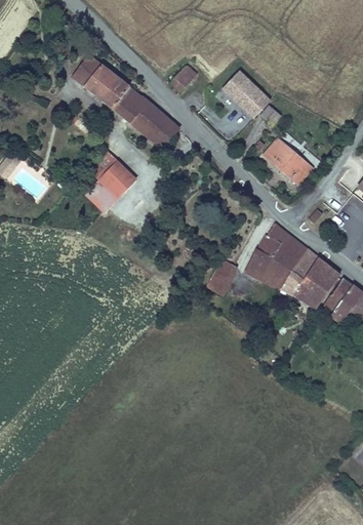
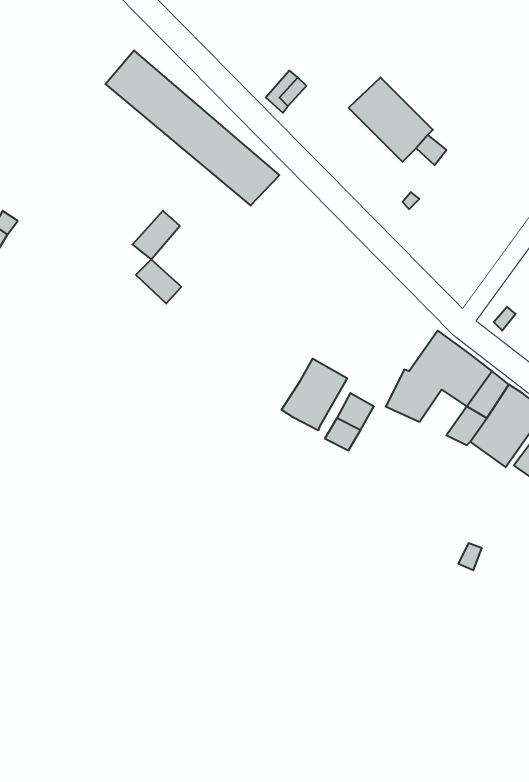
building: [261,136,311,183] -> none
building: [100,161,136,198] -> none
building: none -> [282,359,347,430]
building: [264,260,292,288] -> none

